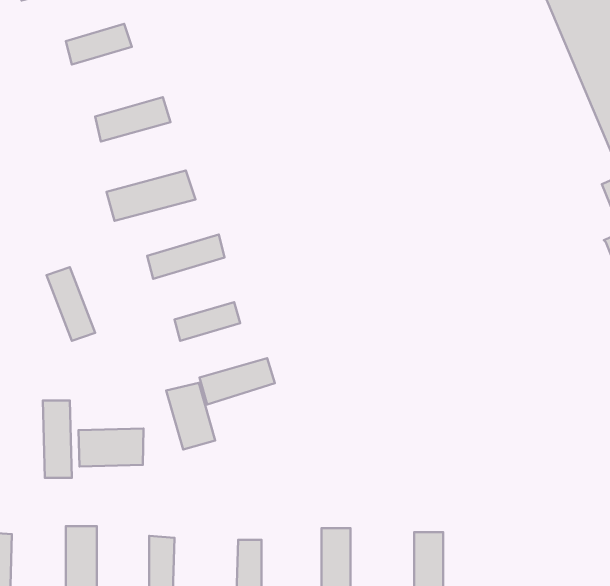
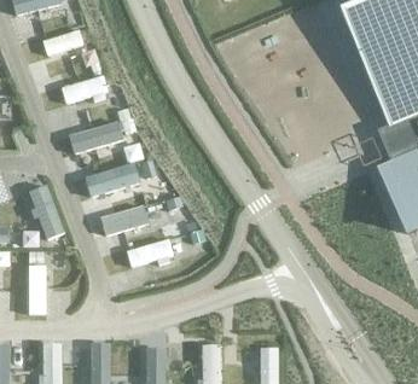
building: [166,383,215,449] -> none
building: [78,428,144,467] -> none

